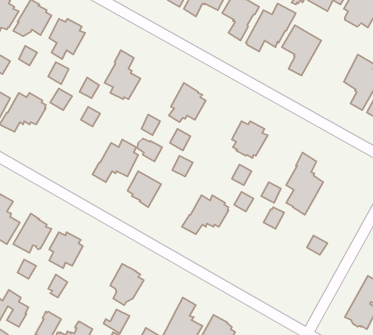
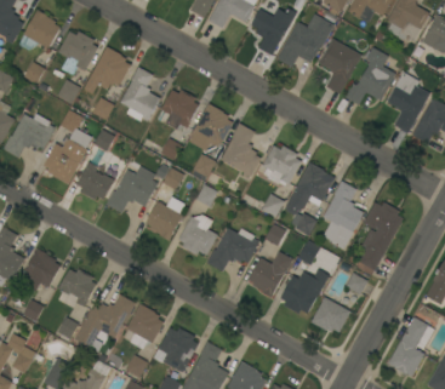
building: none -> [84,47,131,95]
building: none -> [344,47,396,105]
building: none -> [158,90,199,131]
building: none -> [221,124,261,177]
building: none -> [44,138,87,184]
building: none -> [76,162,115,200]
building: none -> [285,162,335,216]
building: none -> [359,202,403,270]
building: none -> [178,213,218,256]
building: none -> [247,252,293,297]
building: none -> [280,269,330,316]
building: none -> [75,294,136,351]
building: none -> [310,297,350,333]
building: none -> [158,328,199,372]

